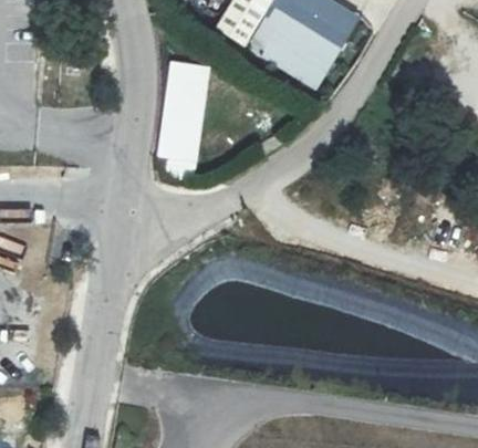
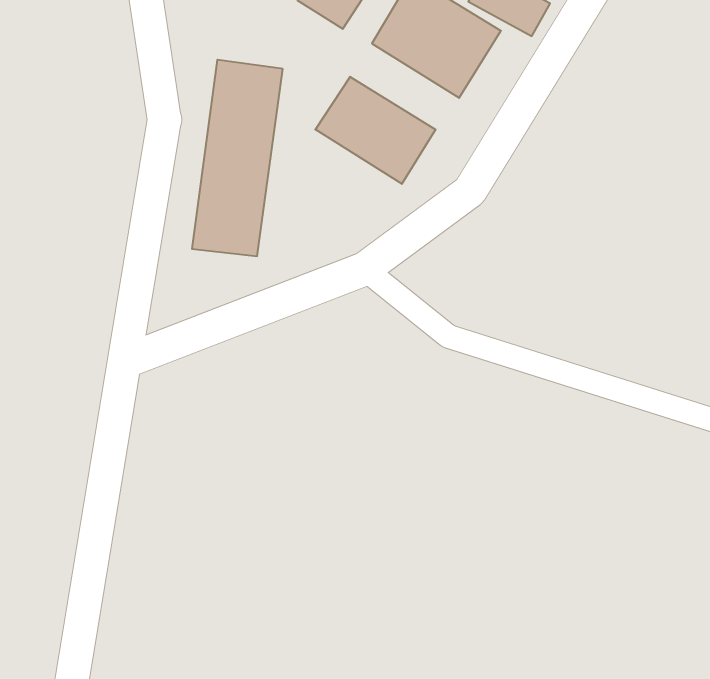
building: none -> [315,77,436,184]

